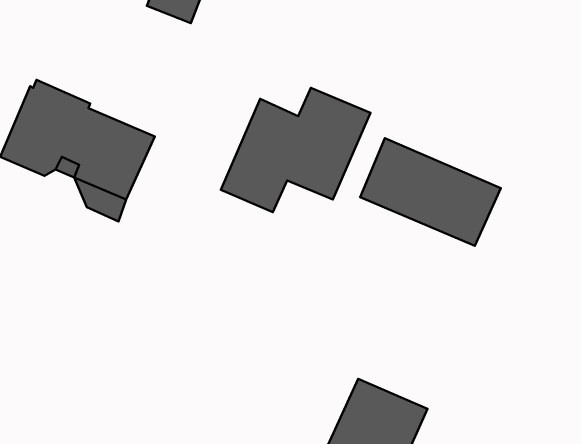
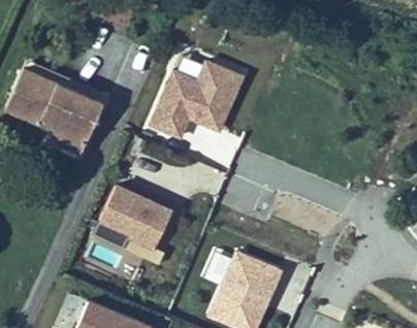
building: [360,138,501,246] -> none
building: none -> [101,186,177,251]

